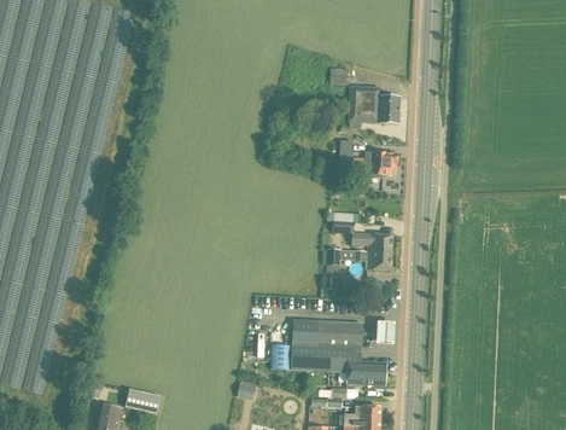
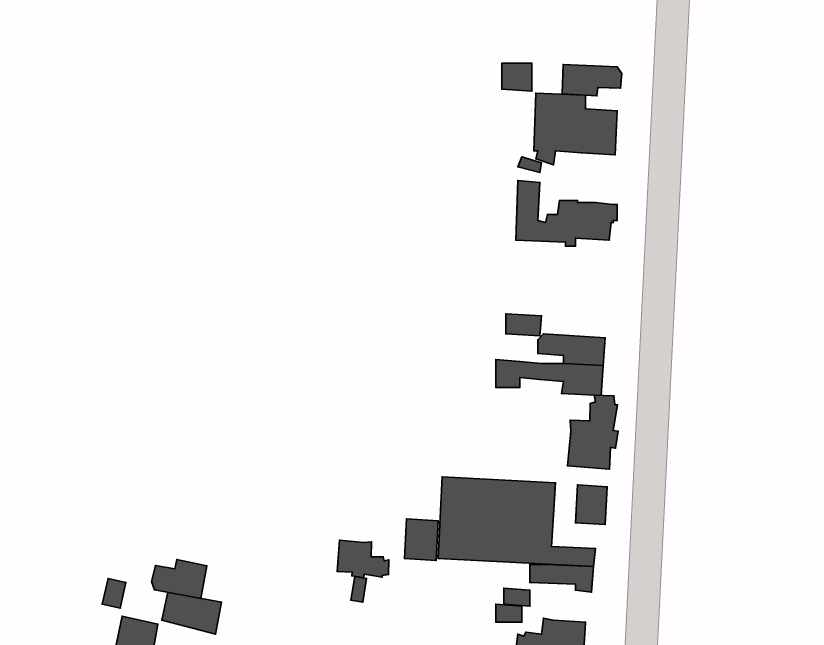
building: none -> [562,65,622,96]
building: none -> [568,395,618,469]
building: none -> [337,540,389,578]
building: none -> [152,560,207,598]

